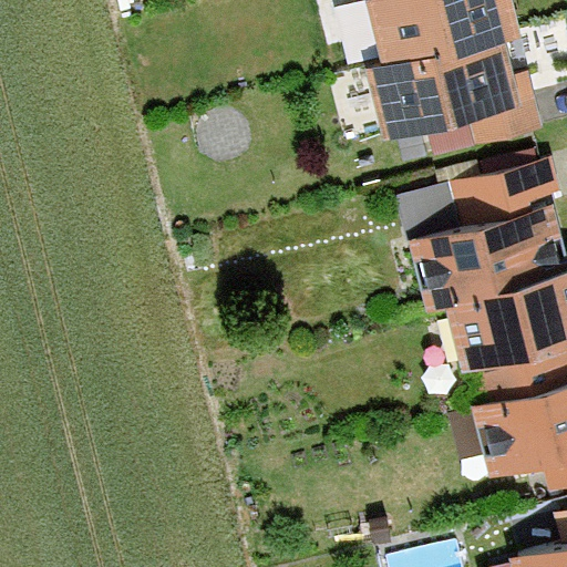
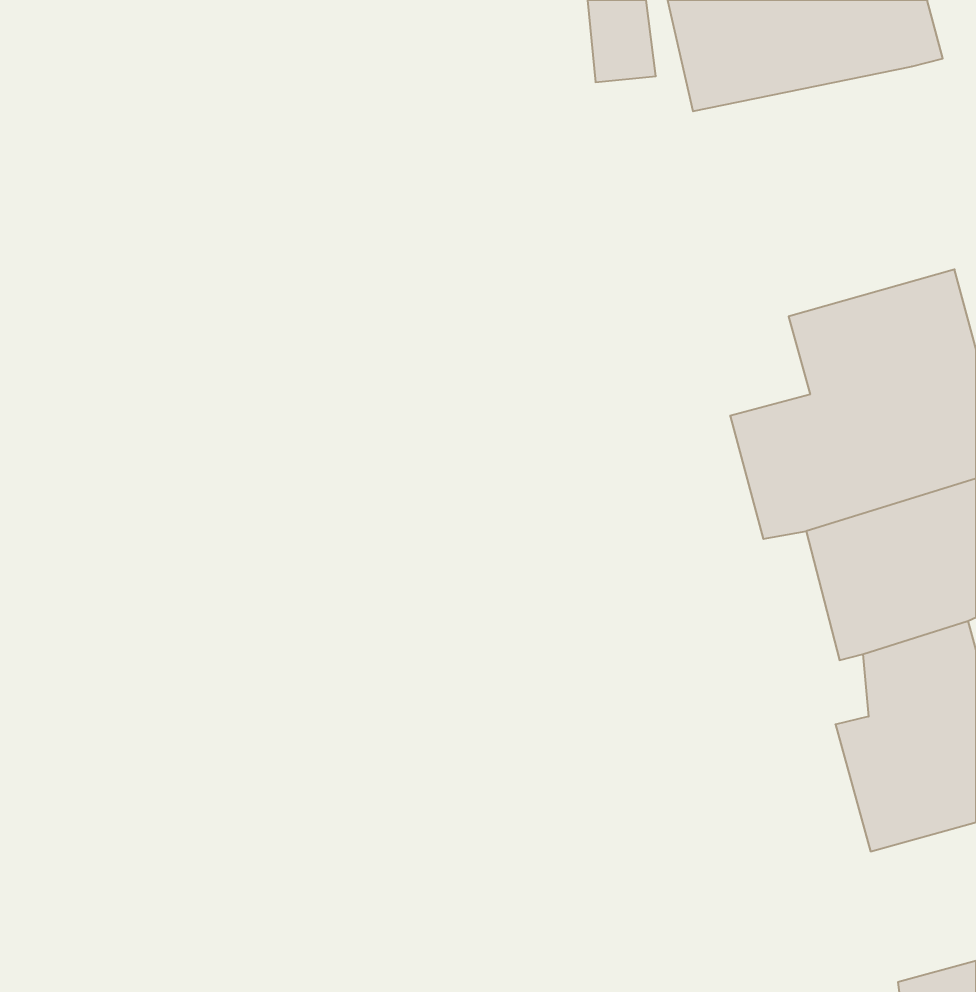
building: [375,41,533,140] -> none

